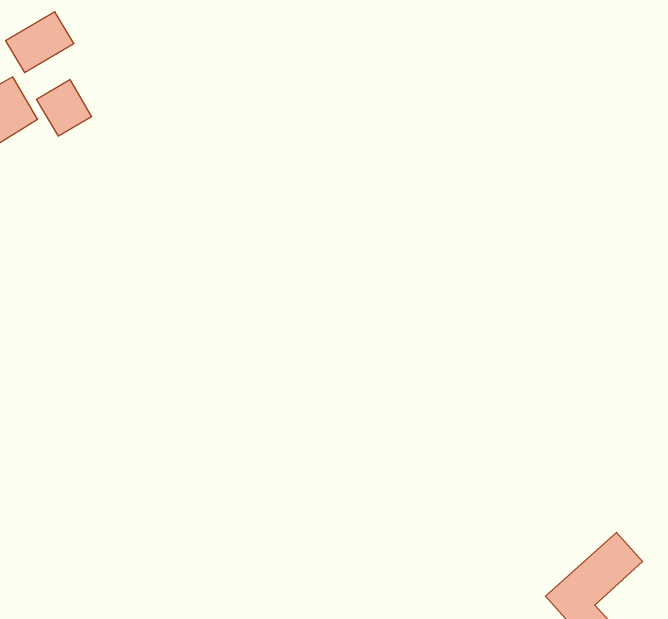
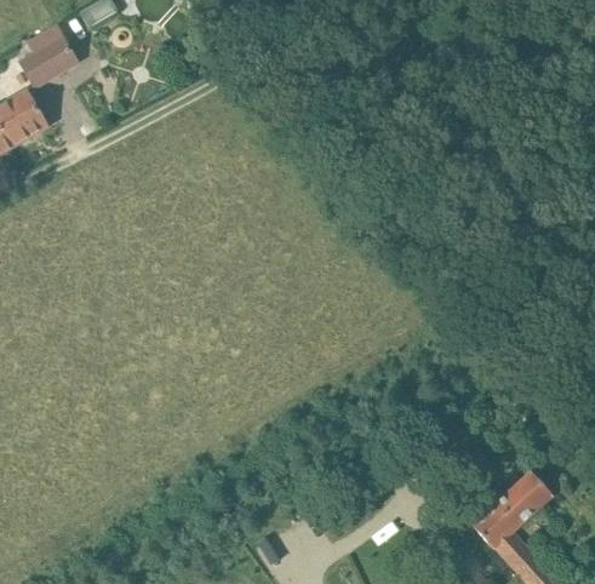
building: [37,80,92,136] -> none

